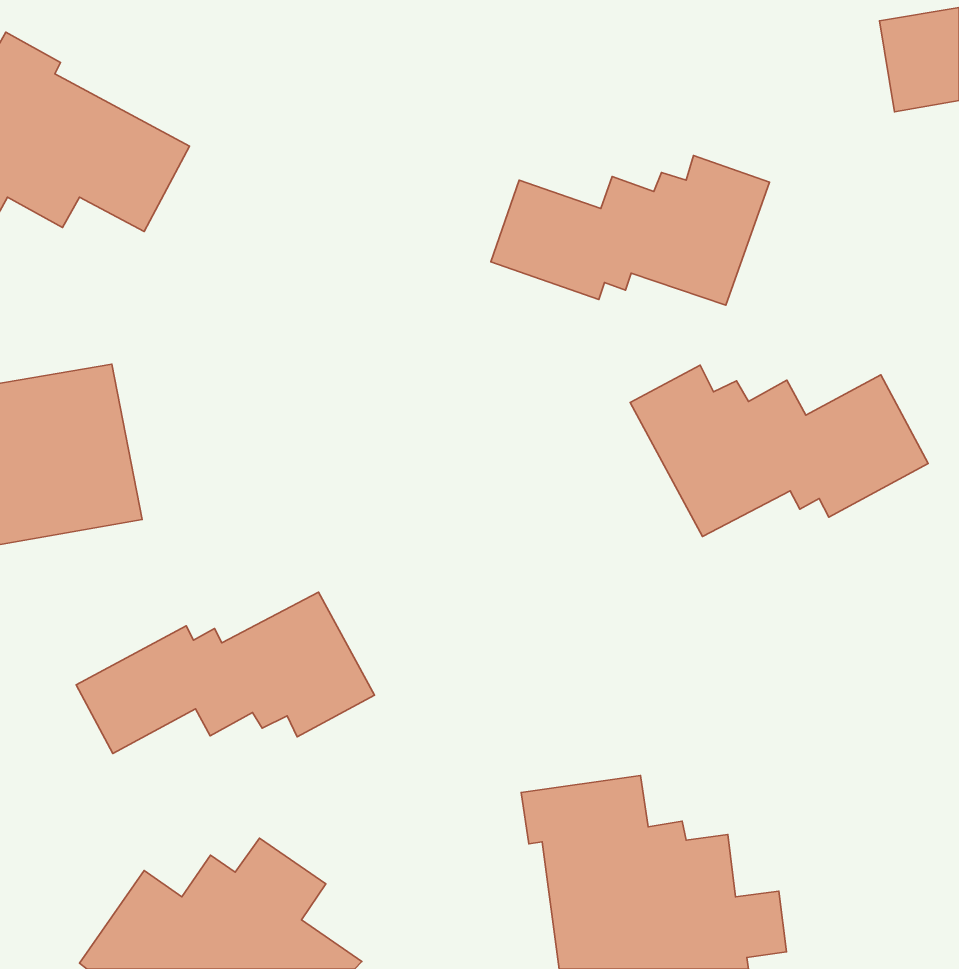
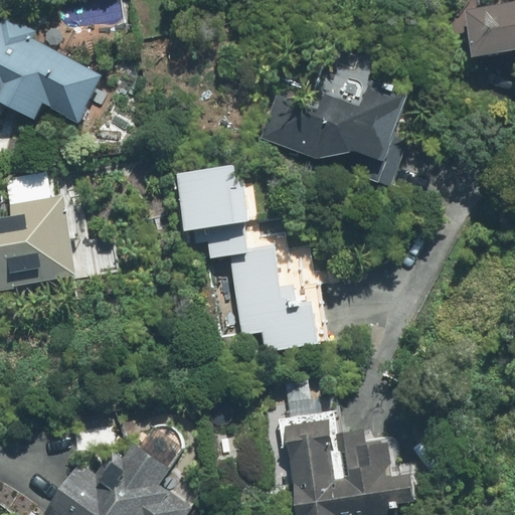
building: none -> [182,170,320,353]
building: [630,365,928,537] -> none
building: [76,592,374,753] -> none

